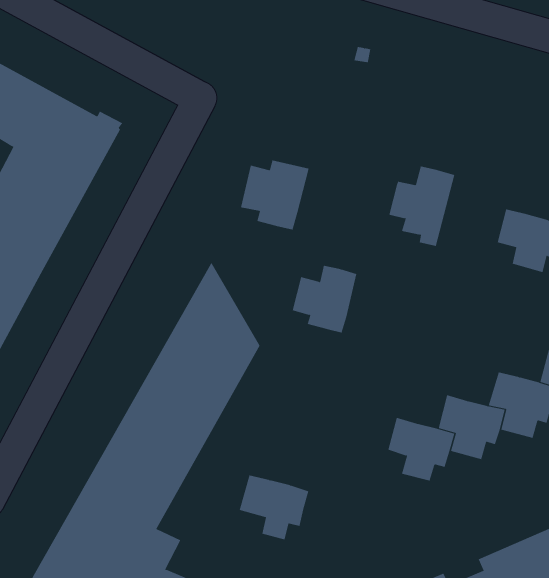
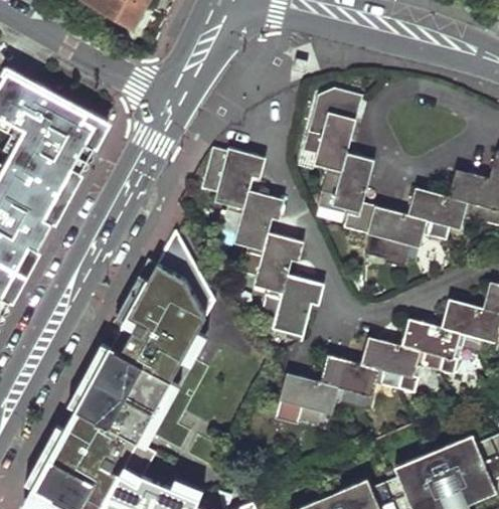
building: none -> [302,89,361,170]
building: none -> [224,192,278,247]
building: none -> [367,208,423,261]
building: none -> [263,276,317,338]
building: [239,475,309,540] -> [279,374,335,427]

